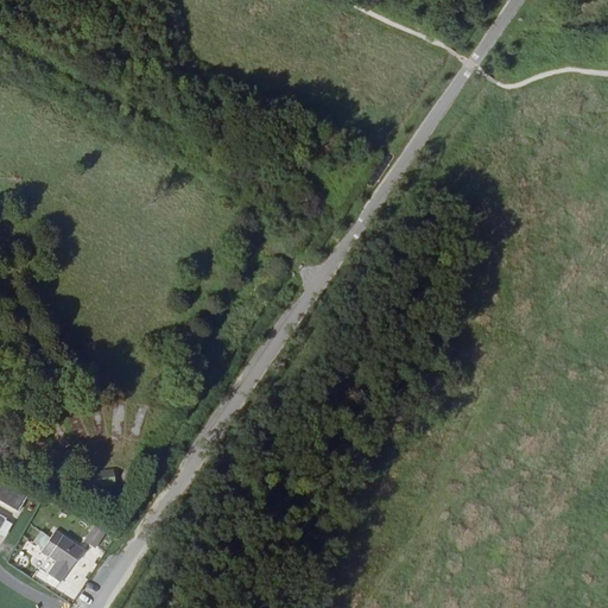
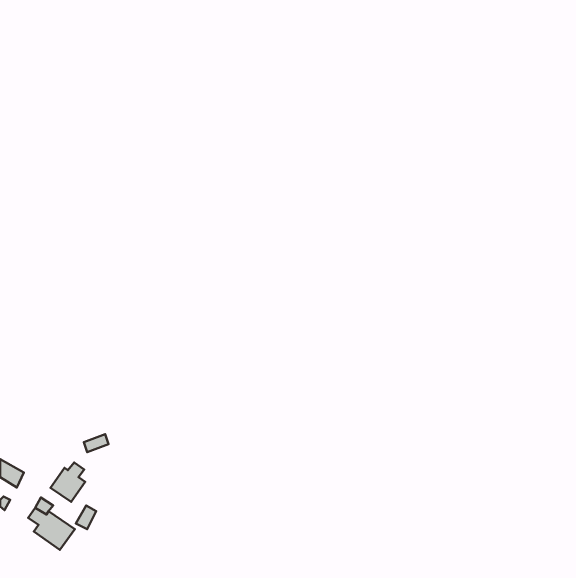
building: none -> [51,463,85,502]

